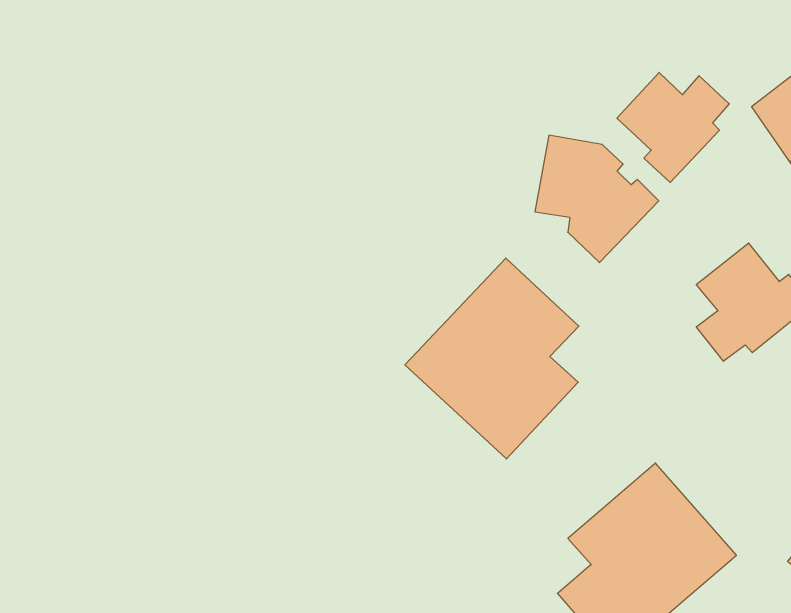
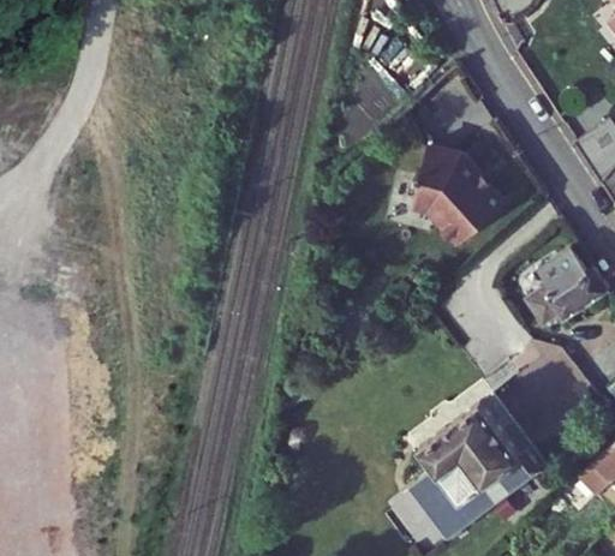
building: [617,72,729,182] -> none
building: [405,258,579,459] -> none

